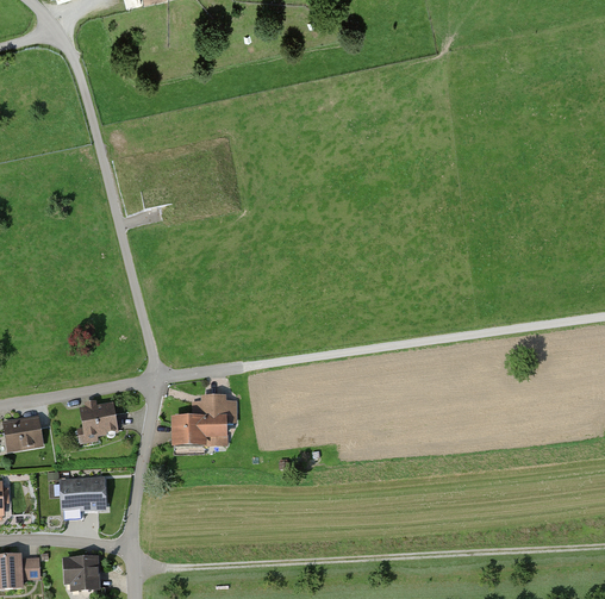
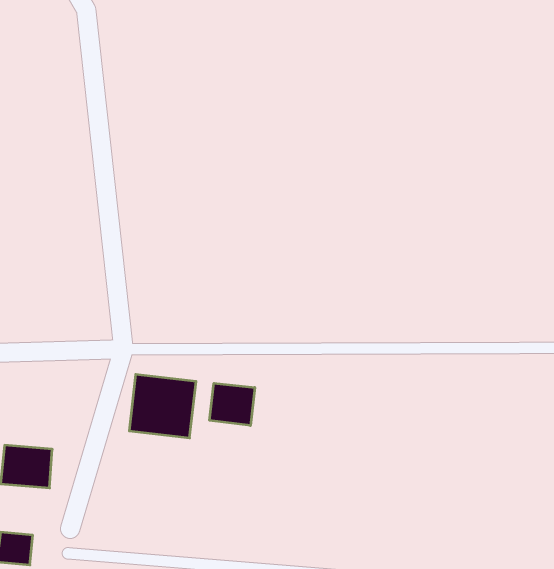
building: none -> [210,383,255,426]
building: [77,400,118,441] -> none

